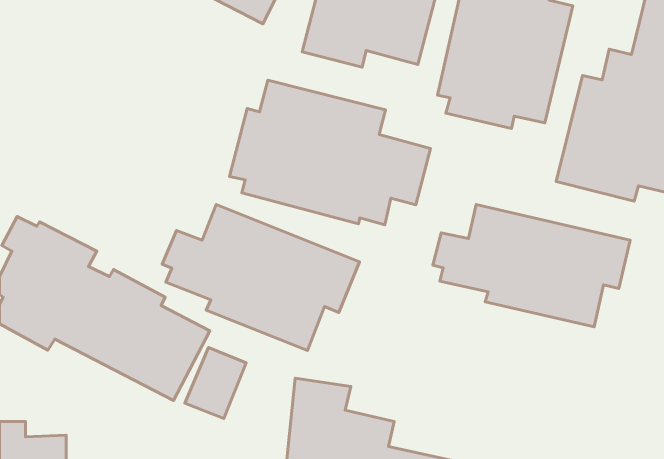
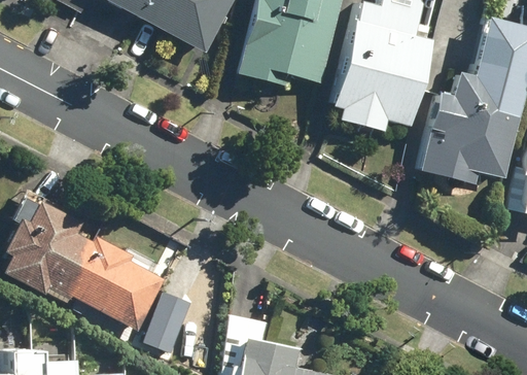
building: [230,80,430,225] -> none
building: [433,205,630,327] -> none
building: [162,205,359,350] -> none

